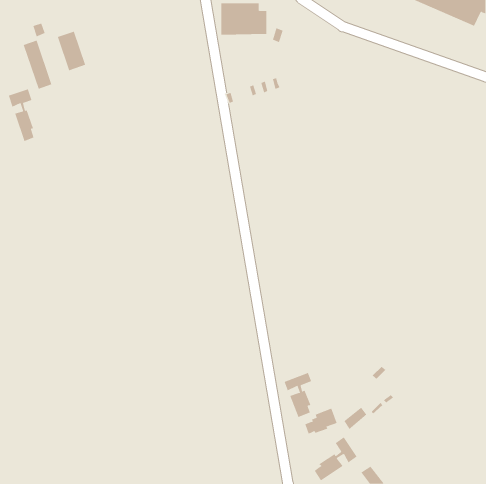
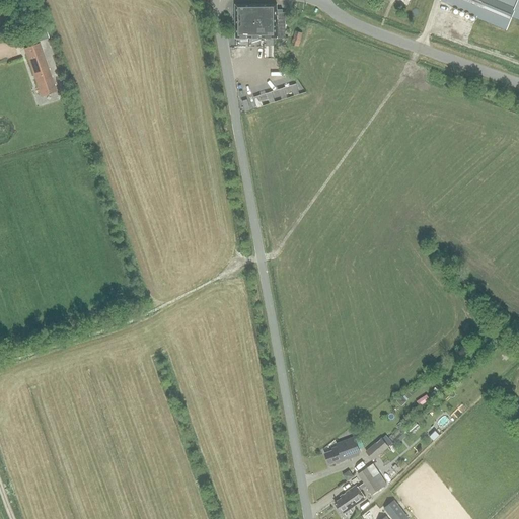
building: [57,31,86,71] -> none
building: [8,88,34,142] -> none
building: [284,372,312,418] -> none

